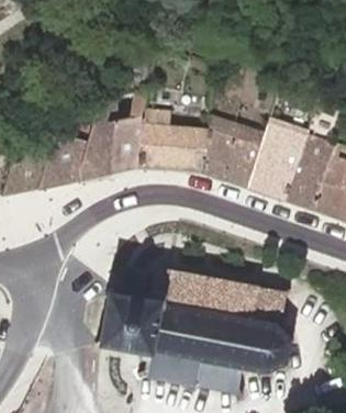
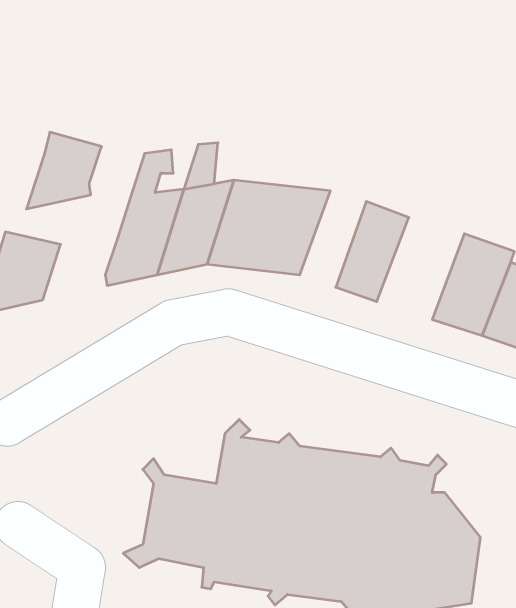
building: [201,121,242,180] -> none
building: [248,127,305,200] -> none
building: [43,141,89,188] -> [26,132,102,209]

